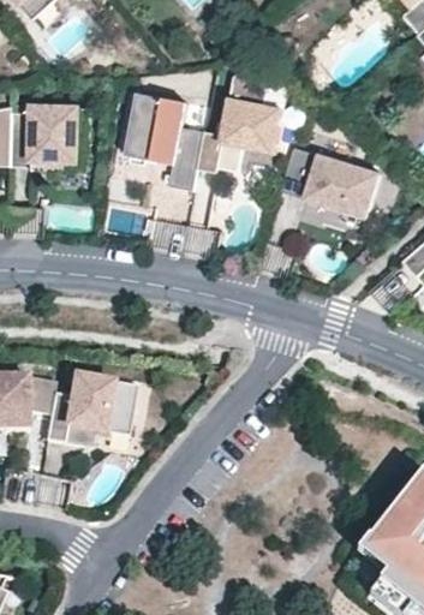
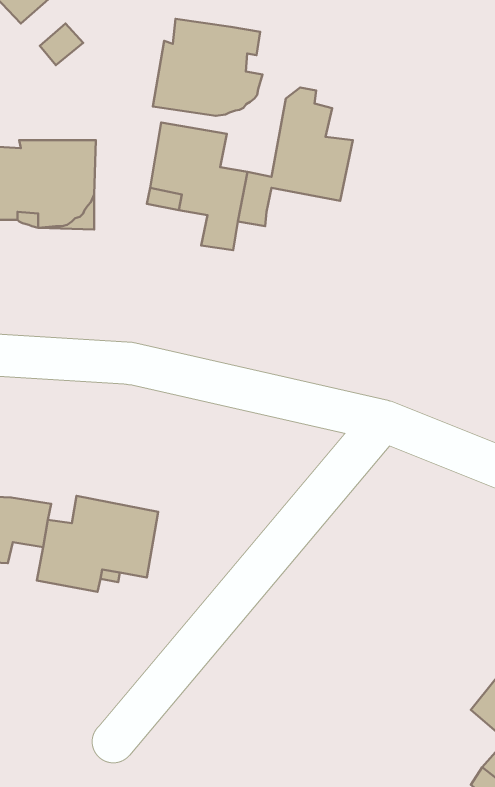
building: none -> [153,19,263,116]
building: [277,153,377,223] -> none

